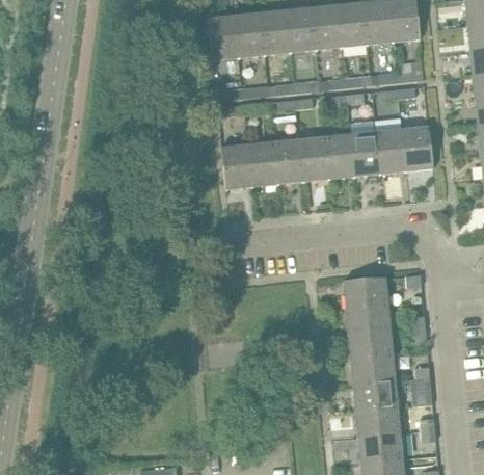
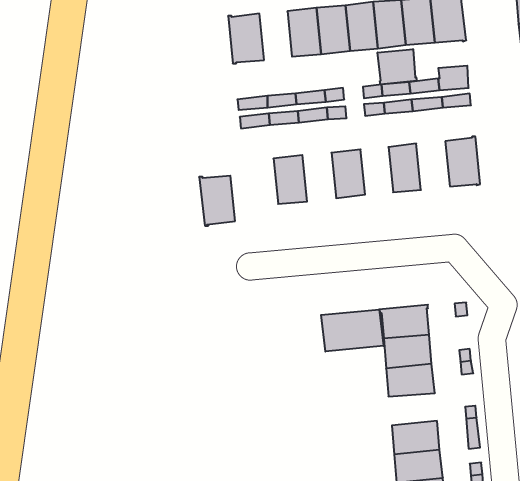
building: [236,12,265,56] -> none
building: none -> [378,49,417,84]
building: [376,129,406,173] -> none
building: [326,134,355,177] -> none
building: [274,139,304,183] -> none
building: [220,144,252,189] -> [199,176,235,226]
building: none -> [321,309,383,352]
building: [351,354,395,384] -> none

